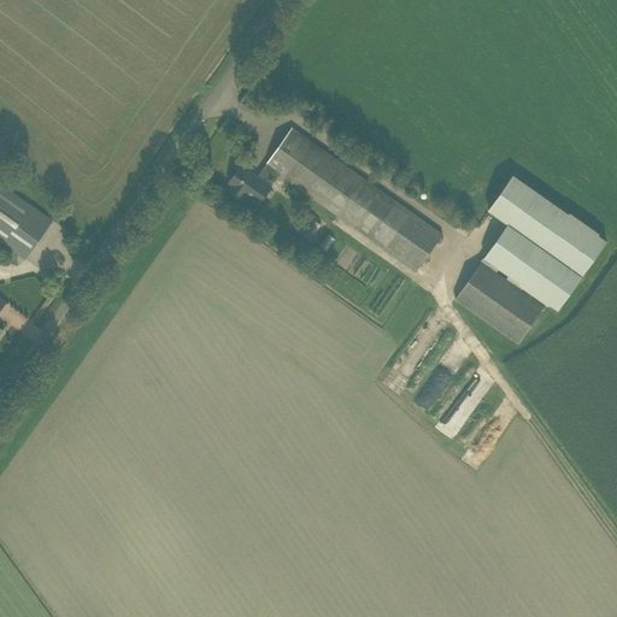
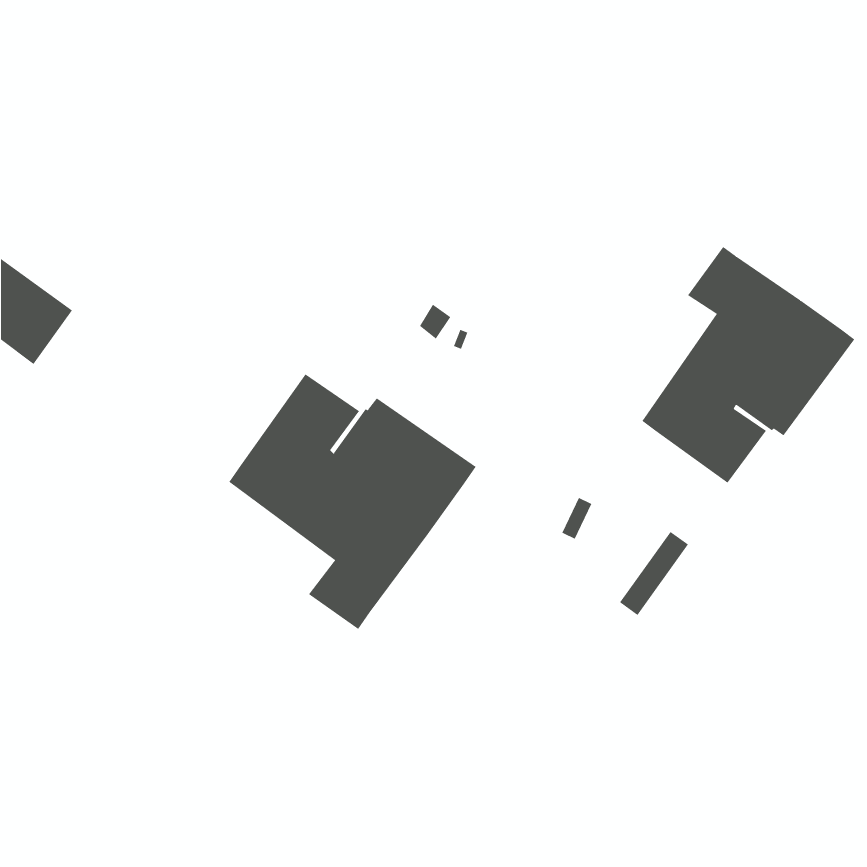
building: [229,127,442,271] -> none
building: none -> [228,374,477,630]

